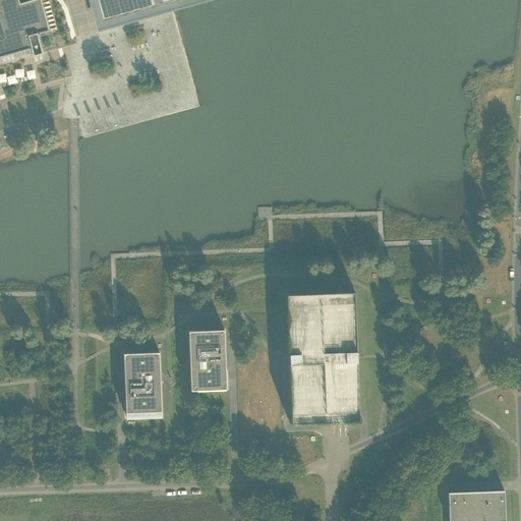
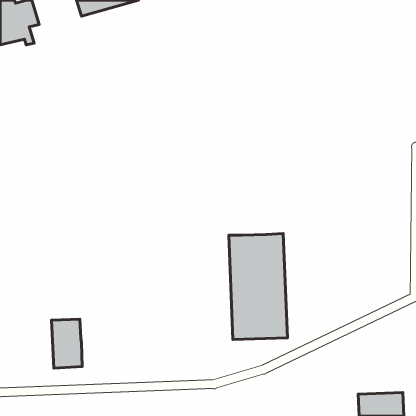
building: [188,330,227,391] -> none
building: [123,352,162,413] -> [51,319,82,368]

